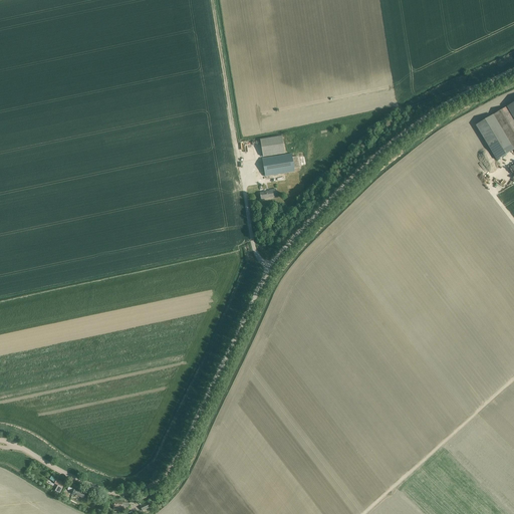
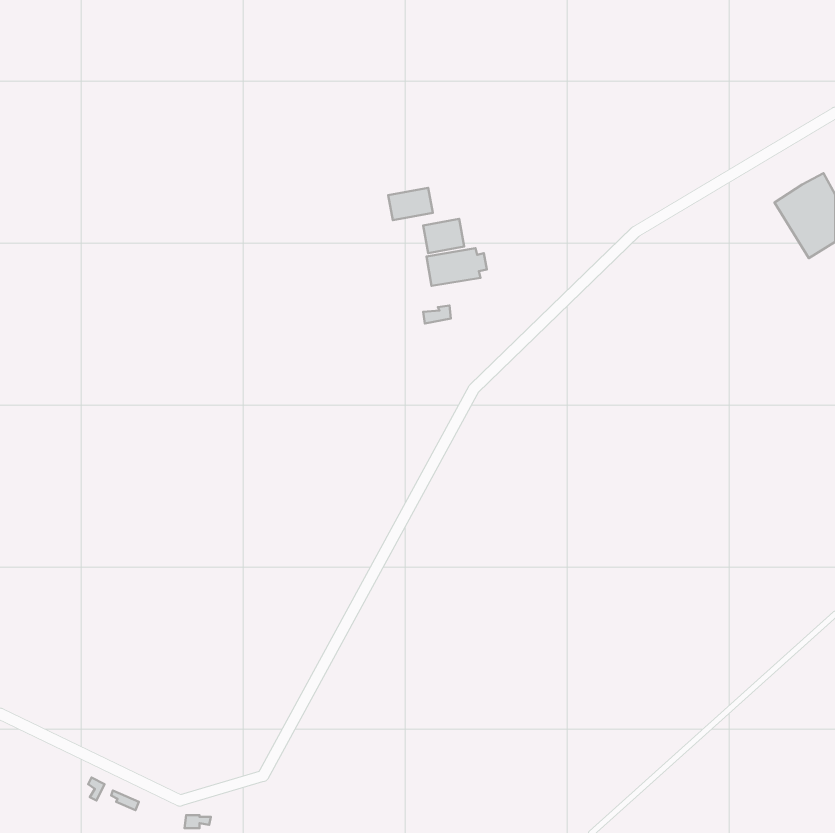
building: none -> [388,188,433,220]

